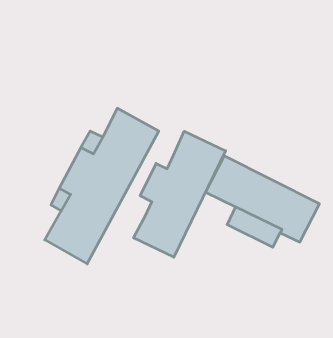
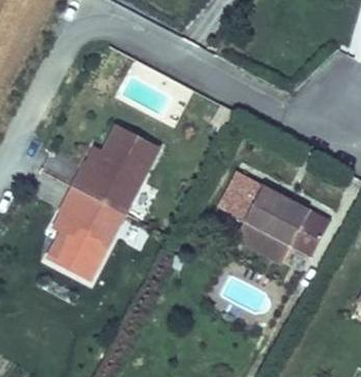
building: [134,131,226,257] -> none

